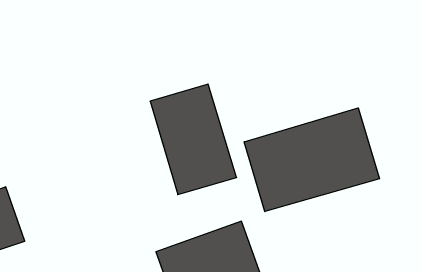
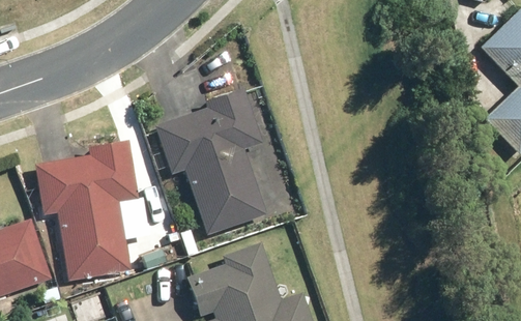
building: [244,108,379,212] -> none
building: none -> [51,158,139,271]

